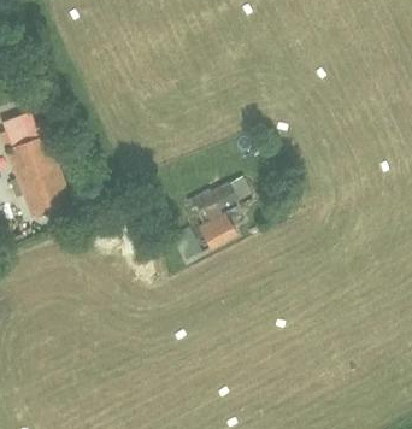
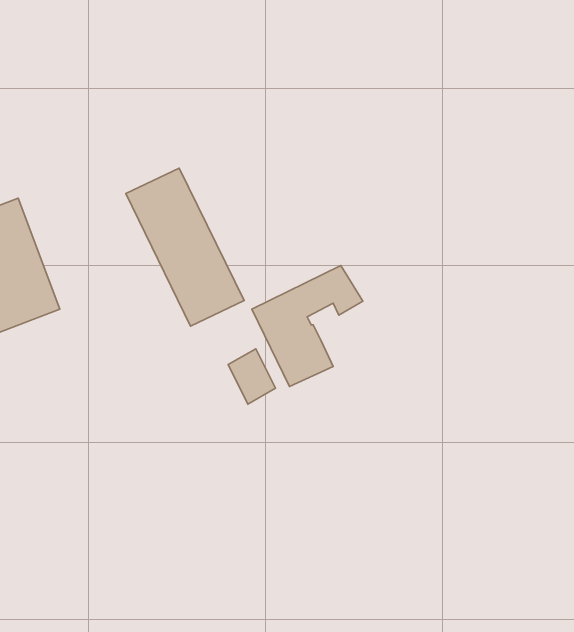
building: none -> [126,168,244,326]

